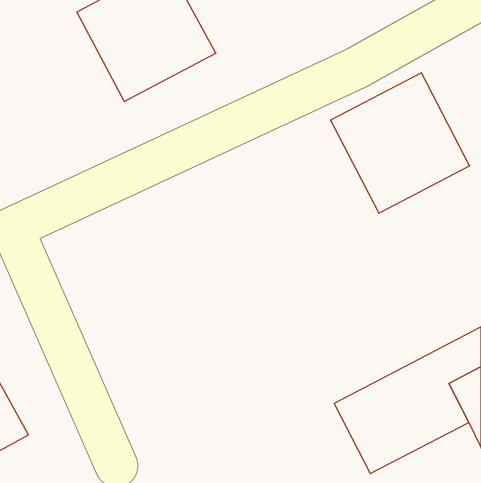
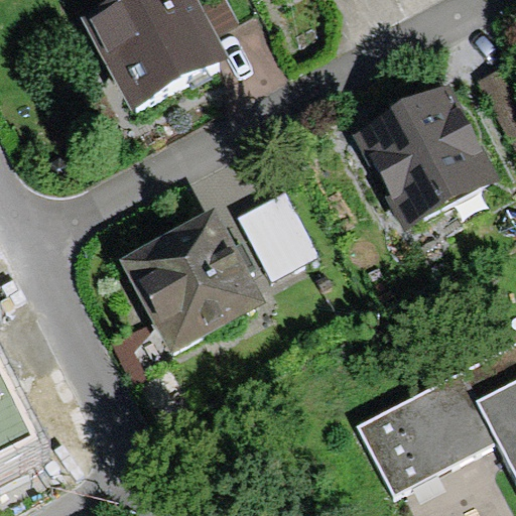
building: none -> [239,197,312,278]
building: none -> [120,209,267,354]

